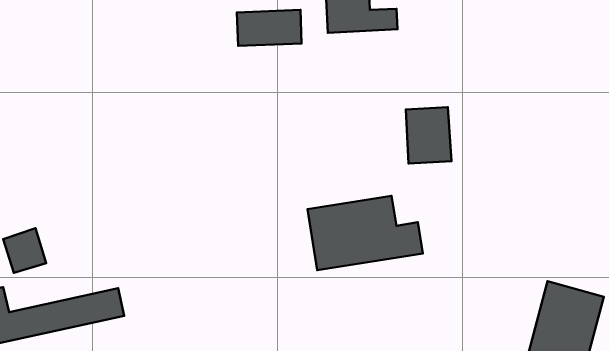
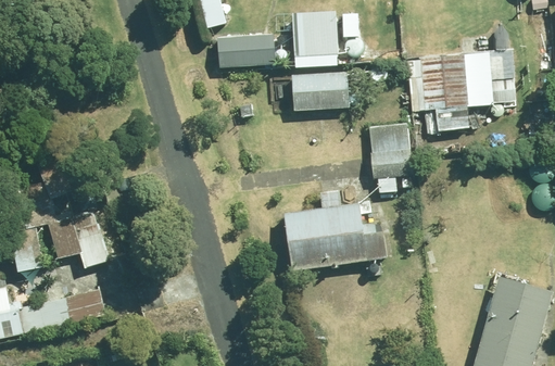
building: none -> [408,51,513,127]
building: none -> [292,72,349,110]
building: none -> [48,212,106,266]

